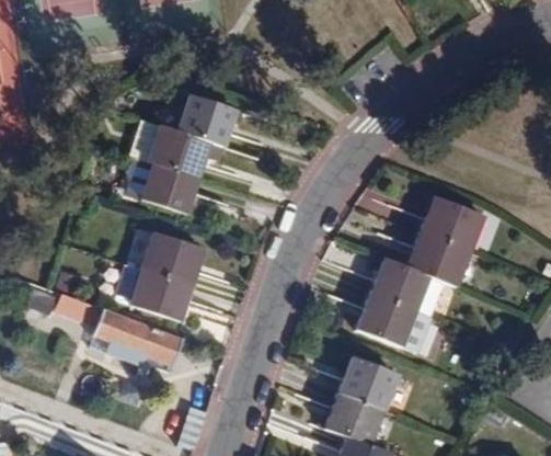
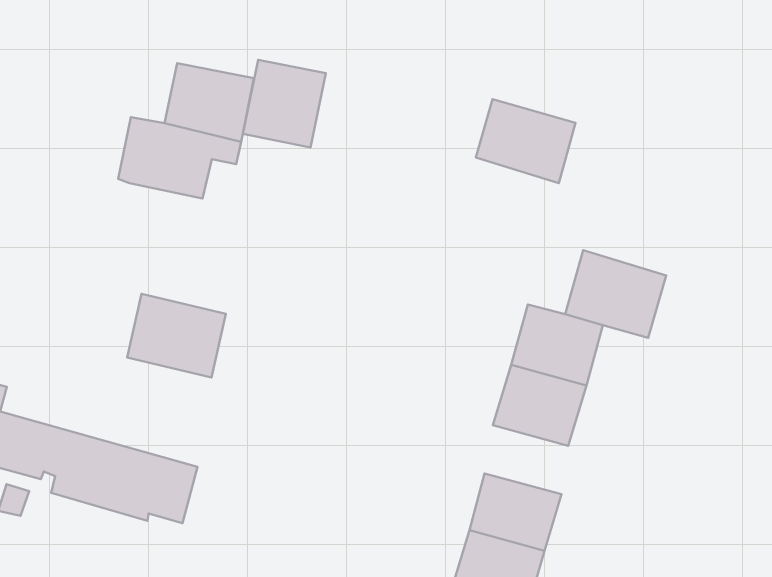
building: none -> [243,60,326,147]
building: [145,163,198,212] -> none
building: [423,194,484,248] -> [476,99,576,183]
building: [117,263,194,319] -> none

